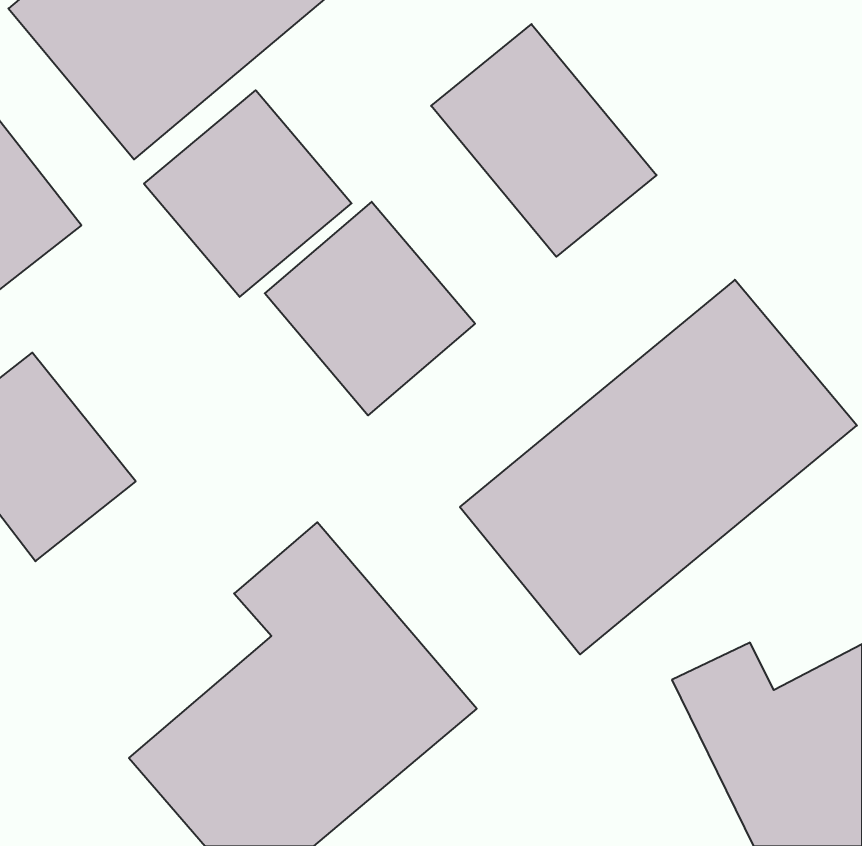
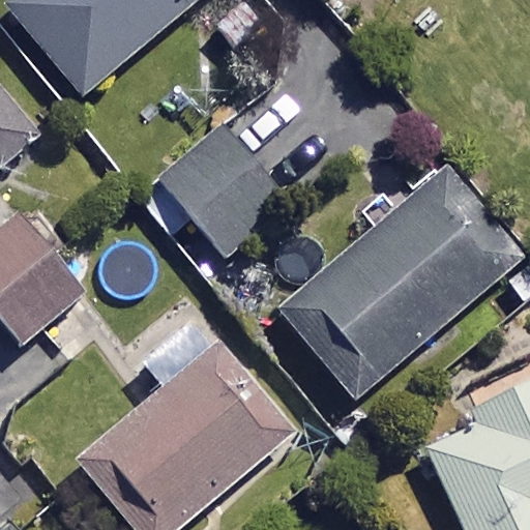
building: [431,24,657,257] -> none
building: [144,90,352,297] -> none

